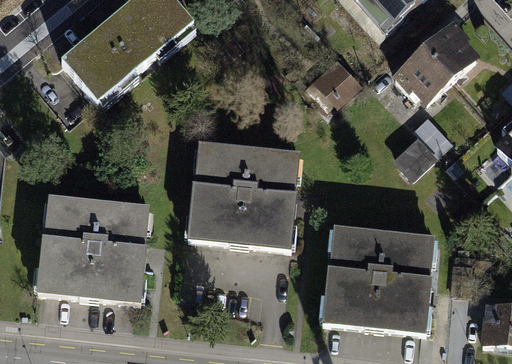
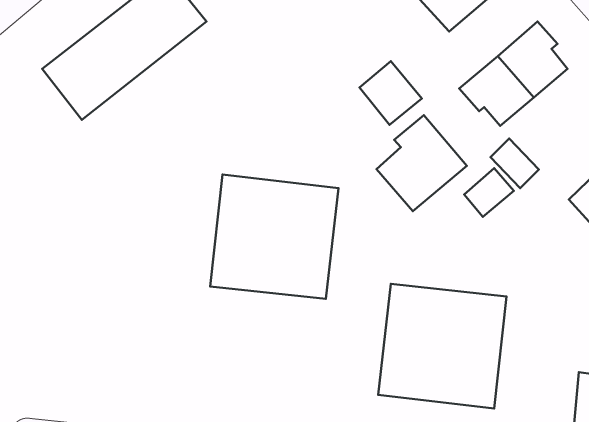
building: none -> [376,115,467,211]
building: [38,202,146,300] -> none

